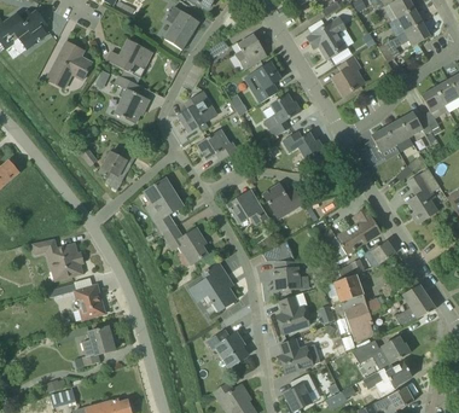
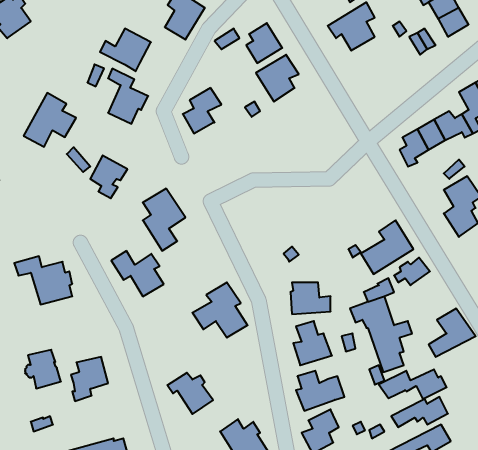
building: [47,40,93,87] -> [24,93,76,147]
building: [332,56,362,95] -> none
building: [263,94,301,136] -> none
building: [198,128,238,159] -> none
building: [283,130,324,159] -> none
building: [263,182,303,217] -> none
building: [228,188,269,225] -> none
building: [162,225,208,264] -> [111,251,164,296]
building: [74,285,105,319] -> [25,350,61,388]
building: [208,330,248,366] -> [167,373,213,414]

